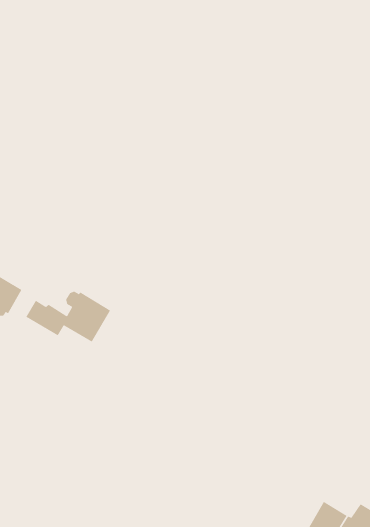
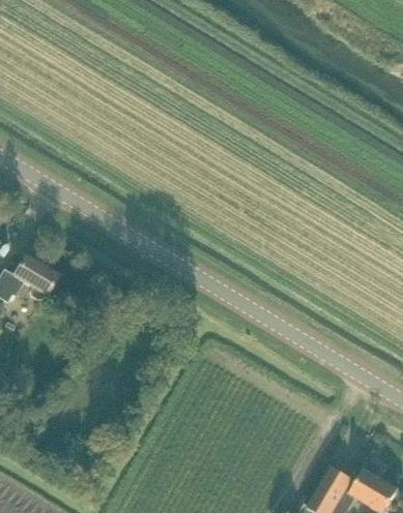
building: [26,291,111,343] -> none

